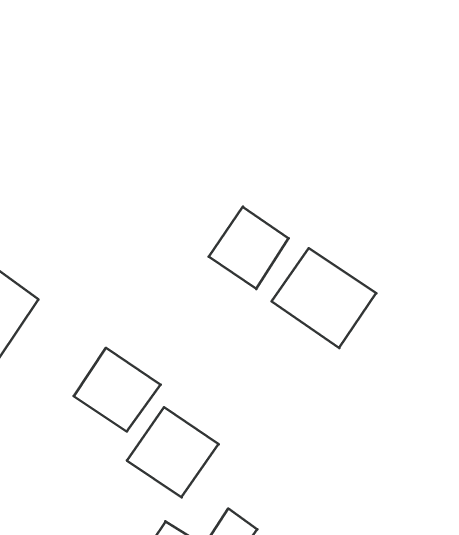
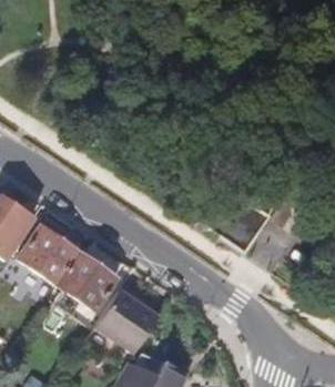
building: [209,207,289,289] -> none
building: none -> [20,224,80,283]

